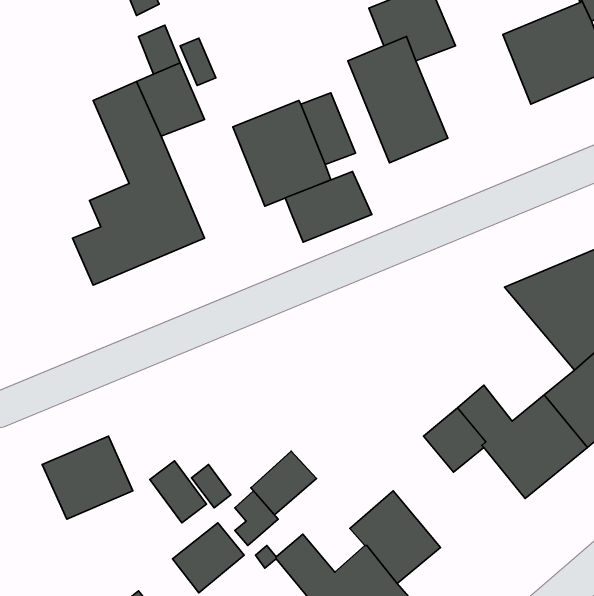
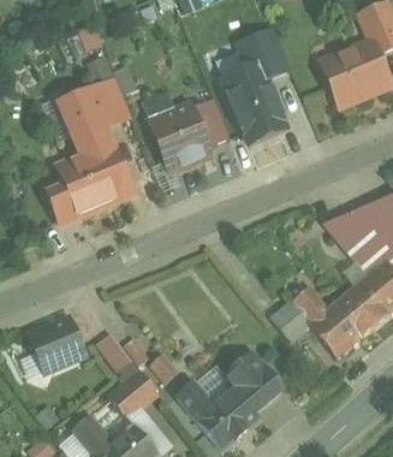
building: [285,172,372,242] -> none
building: [251,451,317,515] -> none

